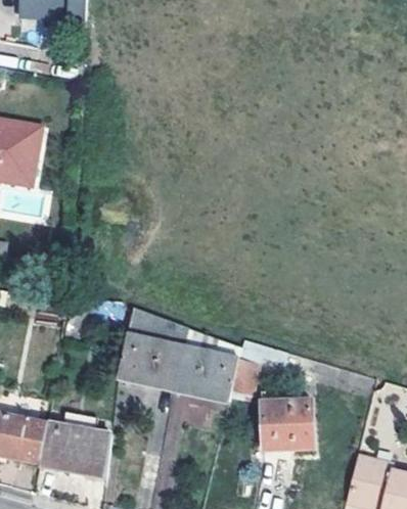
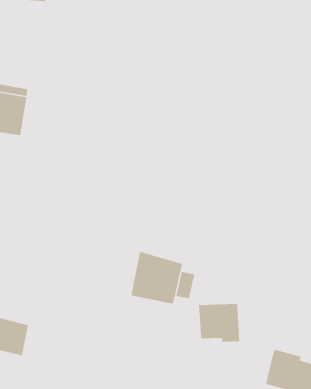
building: [117,314,185,388] -> none
building: [36,425,109,479] -> none

